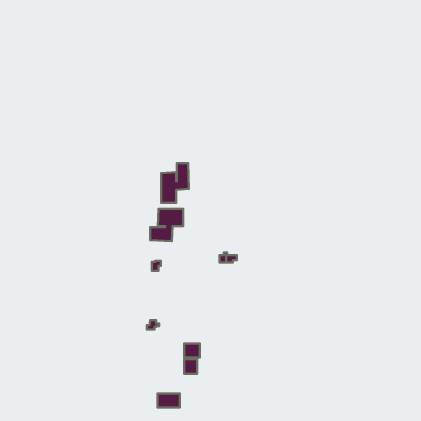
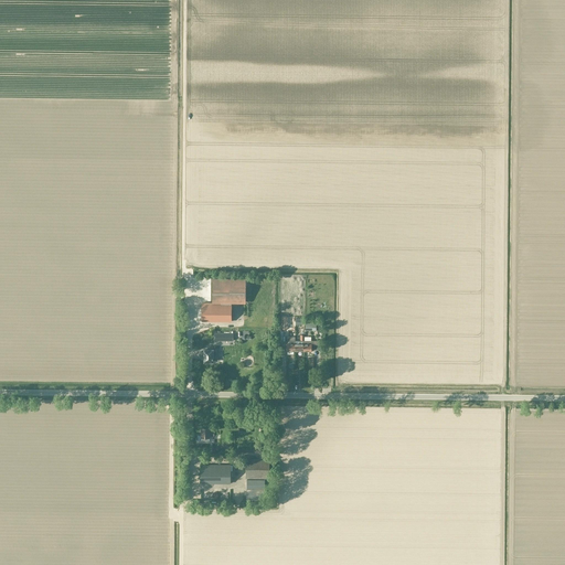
building: [161,163,189,203] -> none
building: [157,393,180,407] -> [200,466,230,484]

